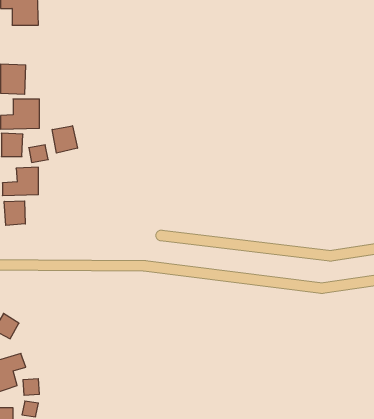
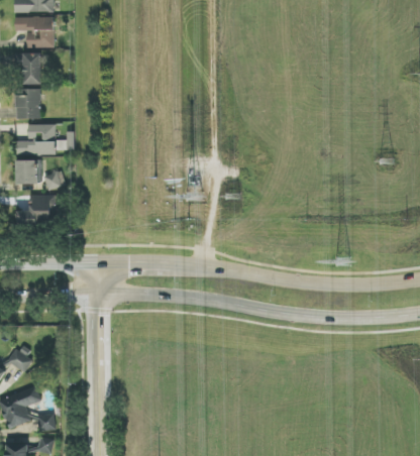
building: none -> [22,52,41,84]
building: [52,126,77,153] -> none
building: [4,201,25,225] -> none

